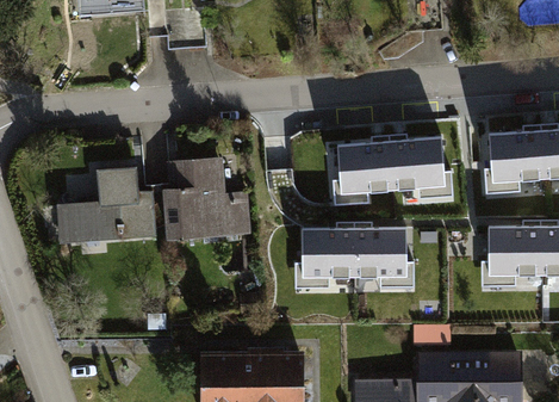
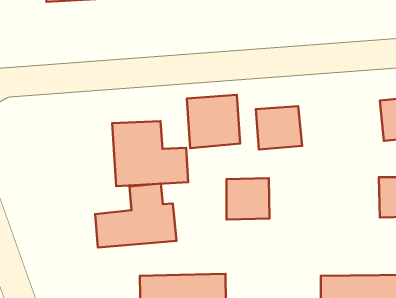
building: none -> [187,95,240,148]
building: [389,138,447,192] -> none
building: [55,168,154,246] -> [95,184,177,248]
building: [353,230,408,280] -> none

